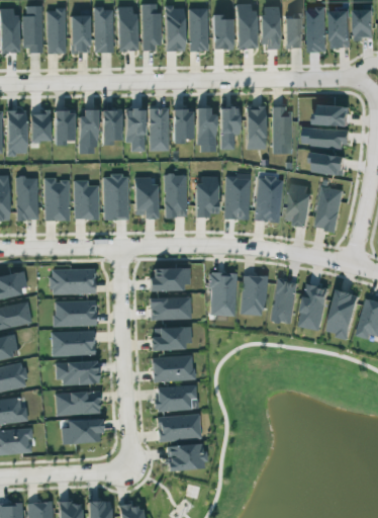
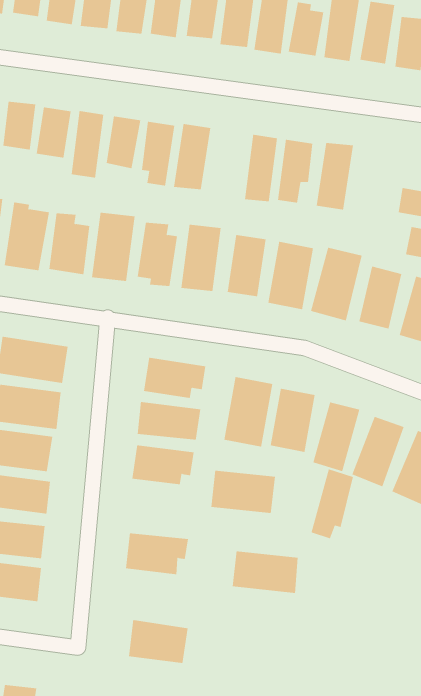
building: [273,108,292,154] -> none
building: [173,109,193,144] -> none
building: none -> [311,469,354,539]
building: [152,355,194,382] -> [210,470,276,514]
building: [157,415,201,441] -> [232,551,298,593]

